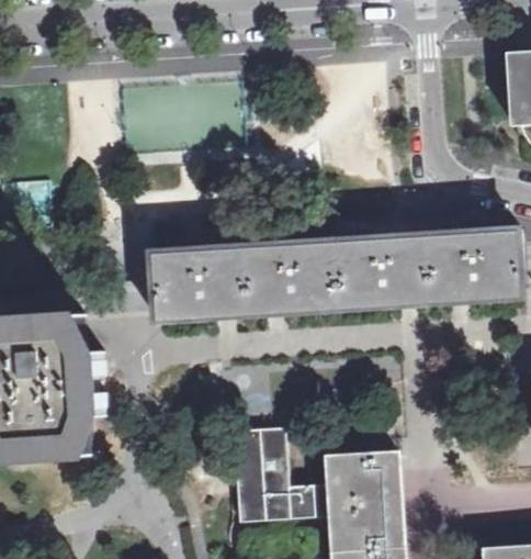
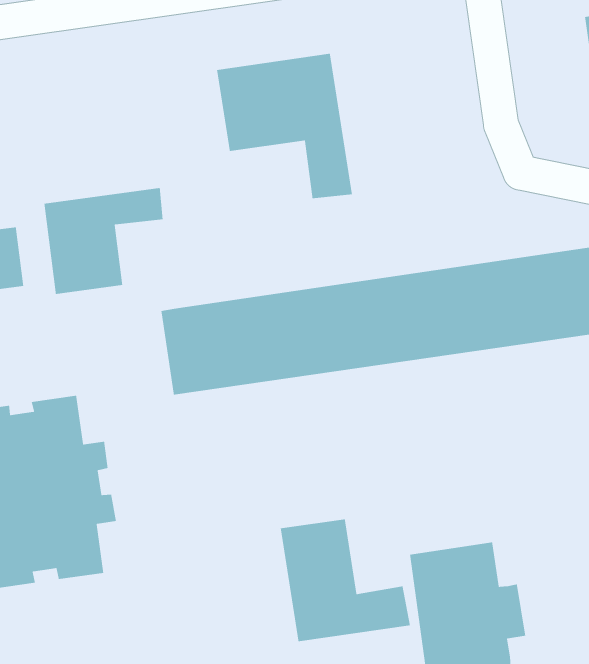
building: none -> [216,53,353,199]
building: none -> [43,187,163,295]

